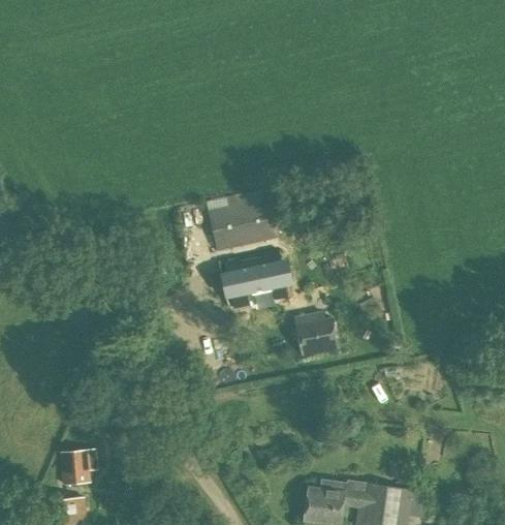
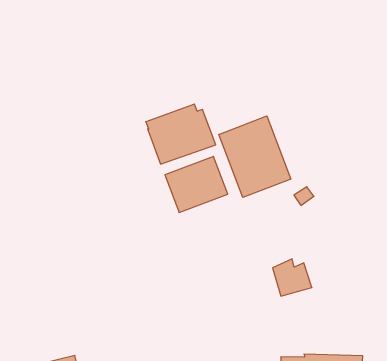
building: none -> [219,116,291,197]
building: [296,312,337,351] -> [273,259,312,296]

